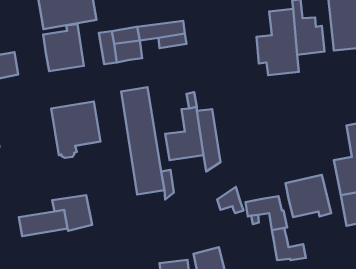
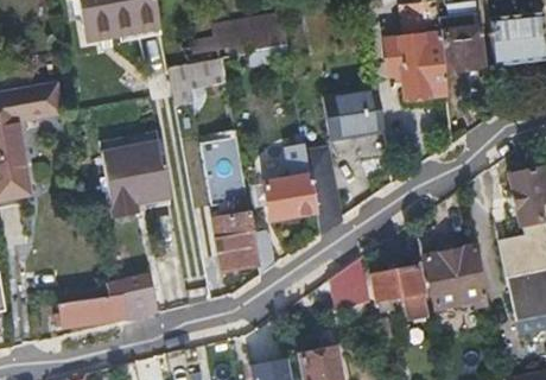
building: [43,24,84,71] -> none
building: none -> [331,93,382,140]
building: [272,228,306,260] -> none

